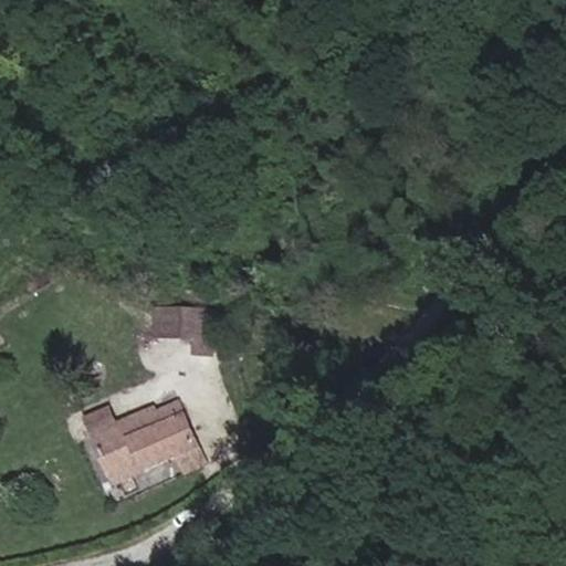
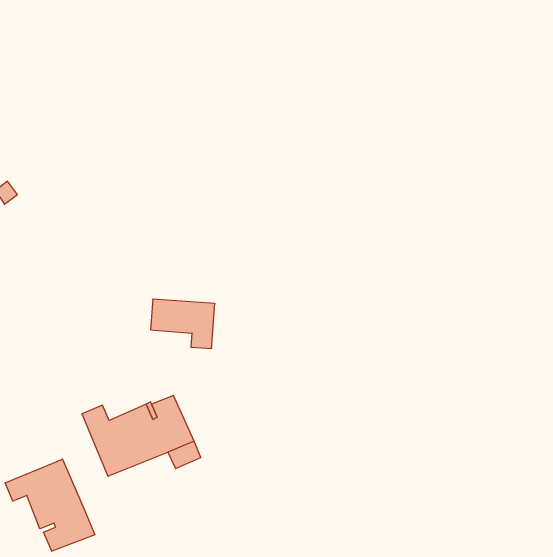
building: none -> [5,459,95,551]

